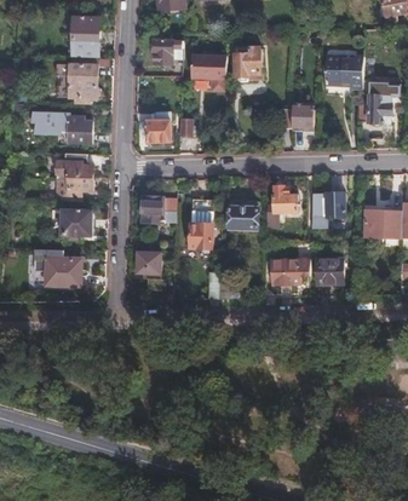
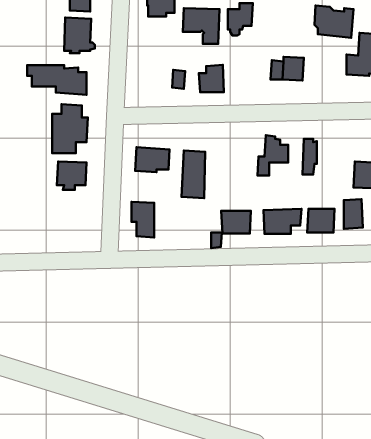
building: [144,111,169,139] -> [199,65,224,92]
building: [326,185,345,215] -> [344,199,363,229]
building: [229,205,259,228] -> [221,211,251,233]
building: [28,248,81,286] -> none

